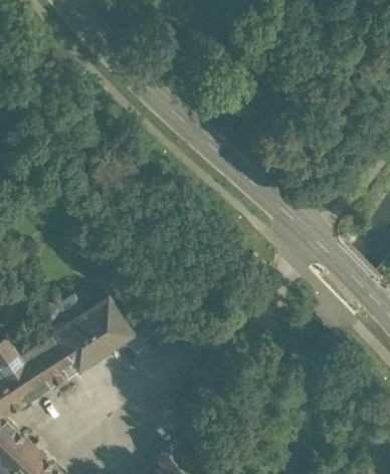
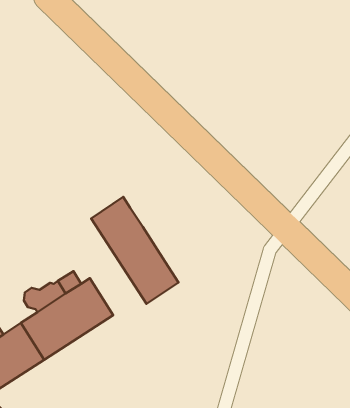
building: none -> [91,197,179,304]

